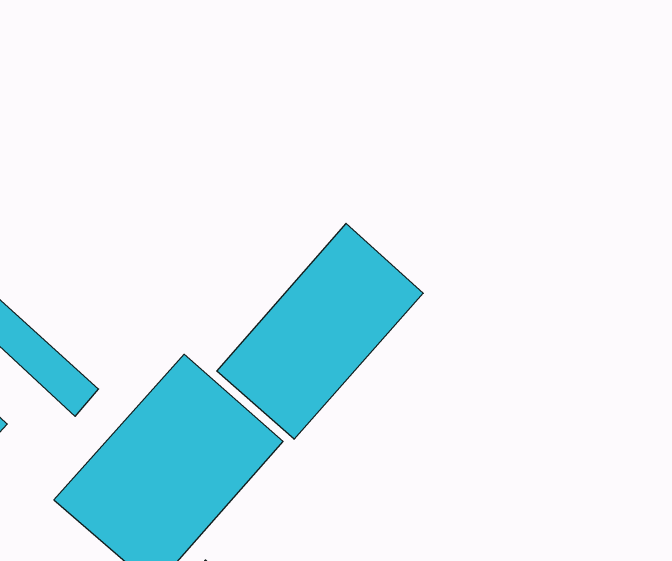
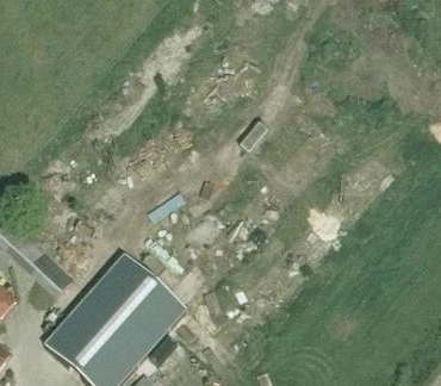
building: [217,223,423,439] -> none

